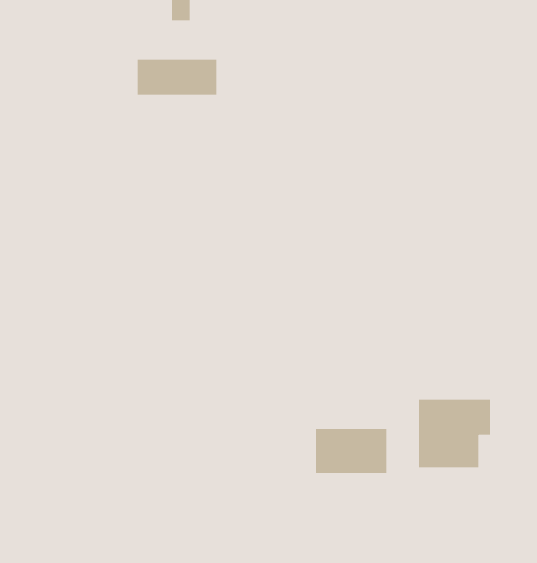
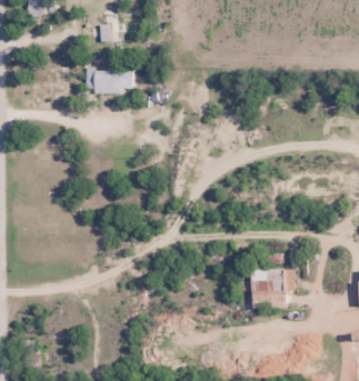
building: [315,428,387,474] -> none

